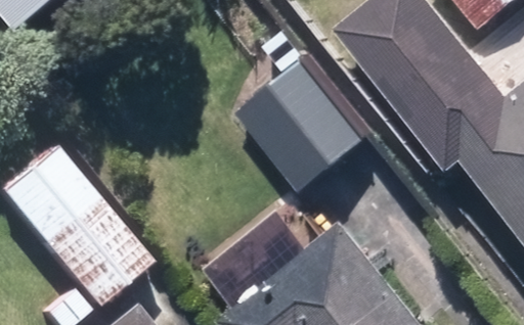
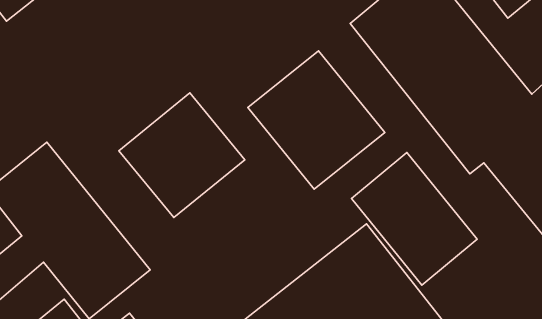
building: none -> [119,93,245,218]
building: none -> [351,152,477,285]

